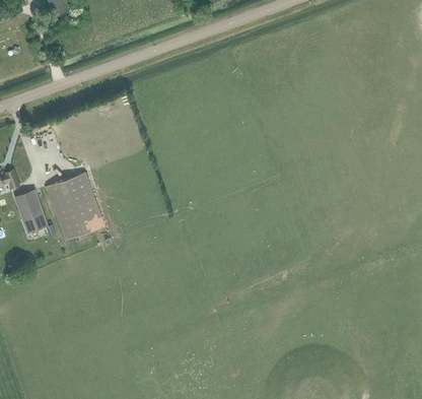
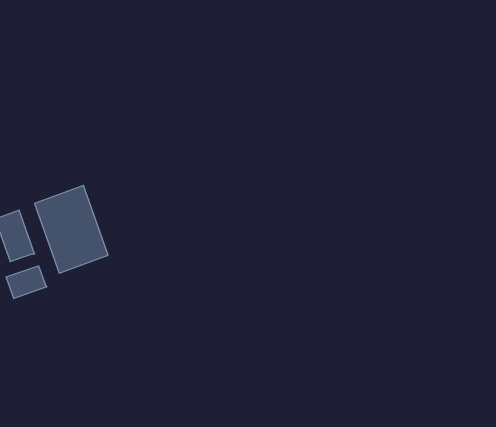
building: none -> [6,266,47,299]

